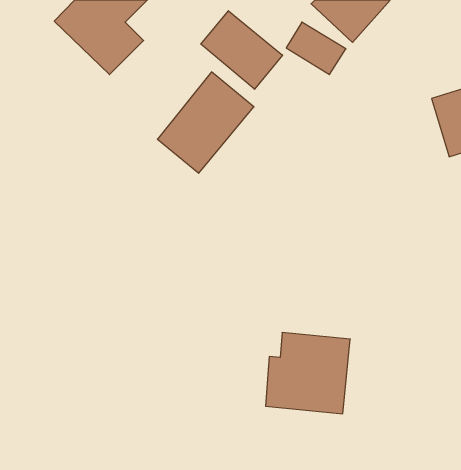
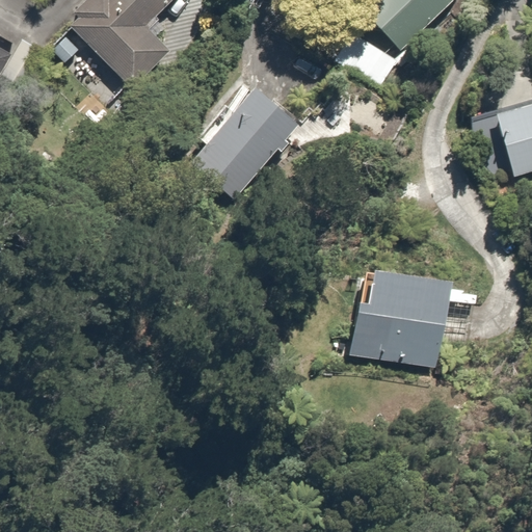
building: [201,11,283,89] -> none
building: [266,333,350,414] -> [351,273,447,365]

